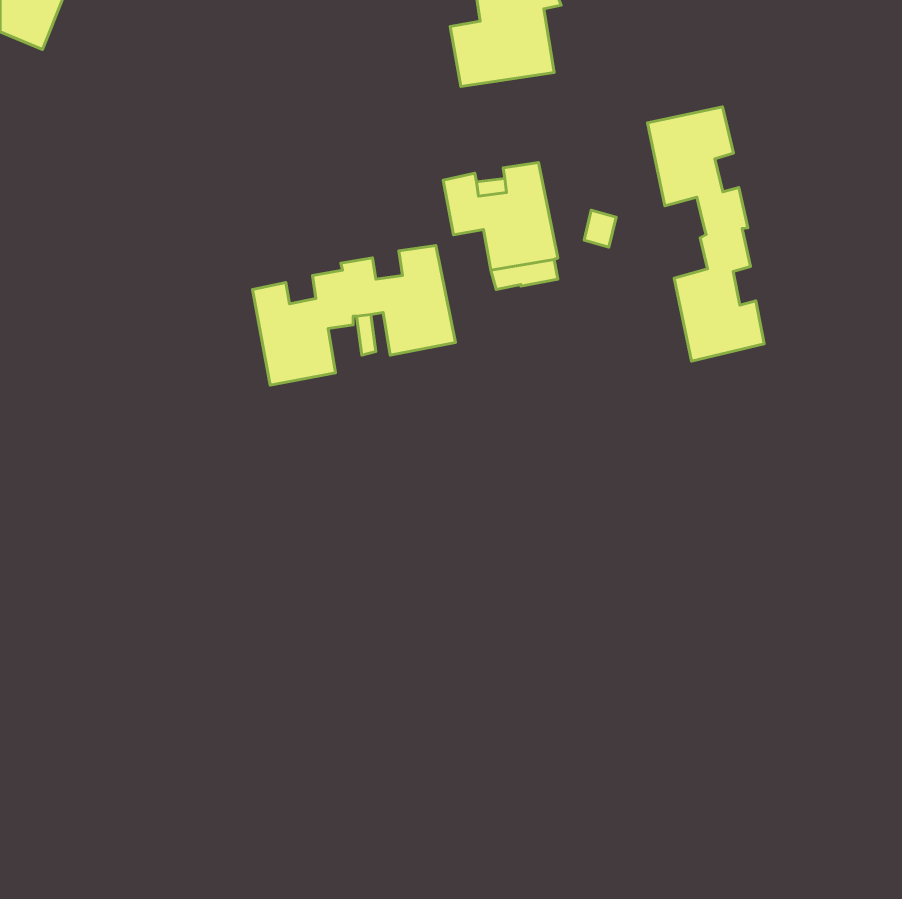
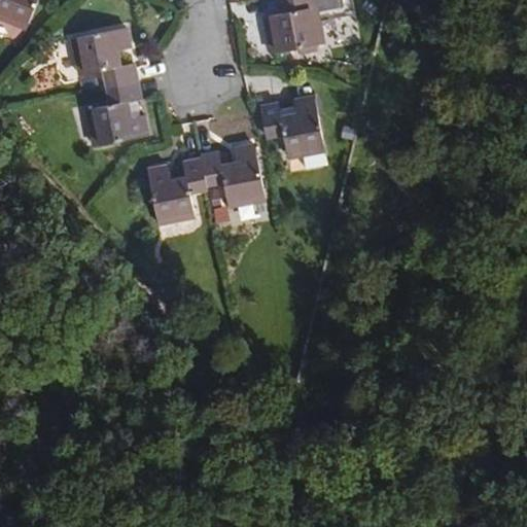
building: none -> [69,26,148,145]
building: [648,107,764,361] -> none

